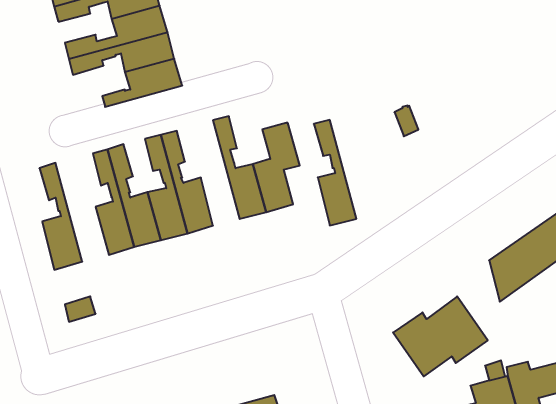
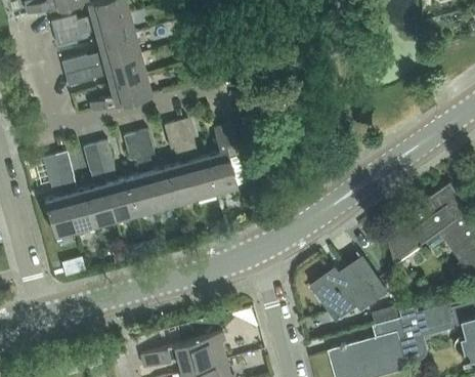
building: [314,120,356,225] -> [163,122,196,203]
building: none -> [54,152,95,231]

